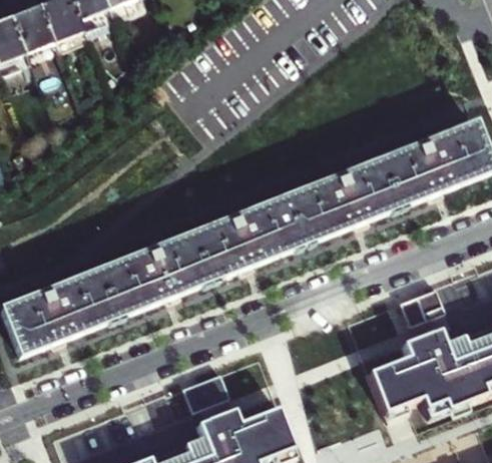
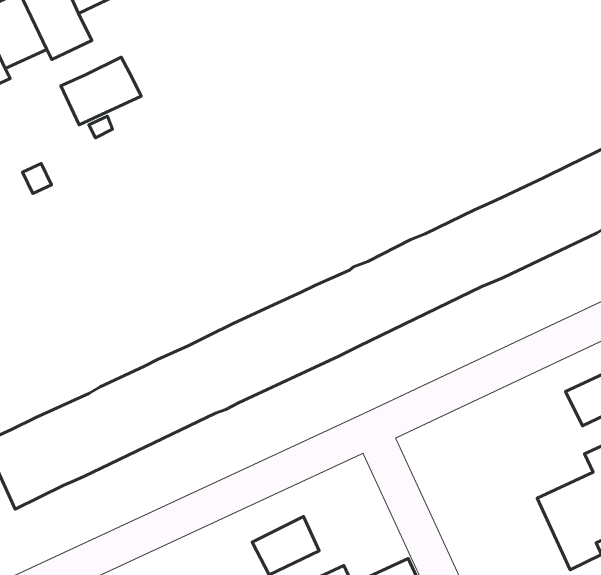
building: none -> [61,57,141,125]

